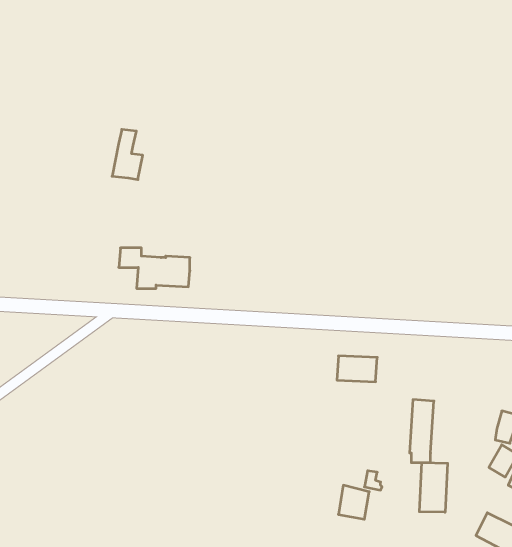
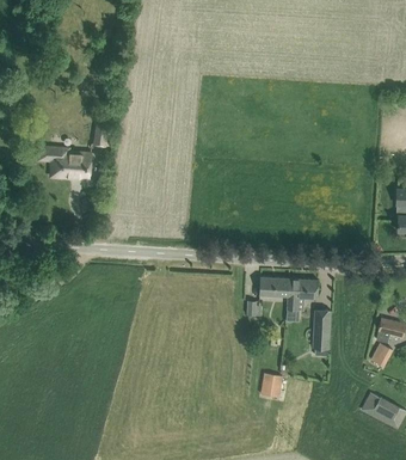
building: [119,248,190,288] -> [38,147,91,177]
building: none -> [287,278,318,311]
building: [419,463,448,512] -> none

